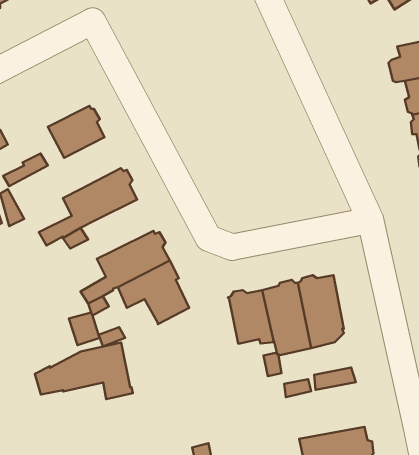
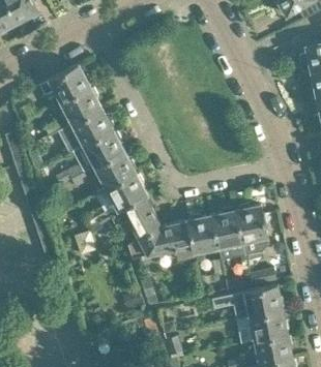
building: none -> [39,66,90,103]
building: none -> [72,111,112,147]
building: none -> [94,154,135,190]
building: [35,343,133,399] -> [127,223,196,263]
building: none -> [211,286,283,320]

